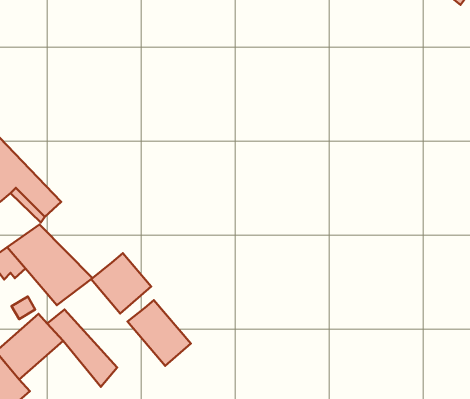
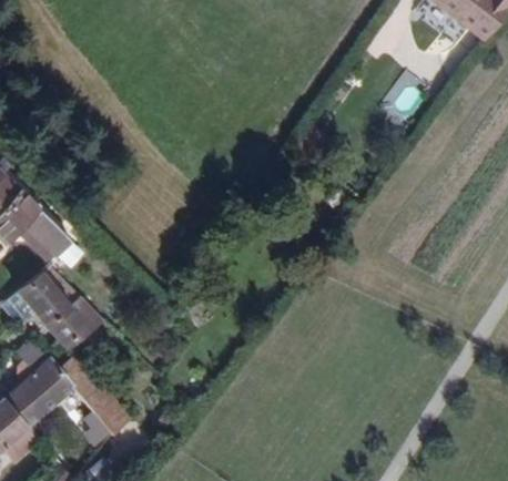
building: [91,253,151,313] -> none
building: [128,300,191,366] -> none

